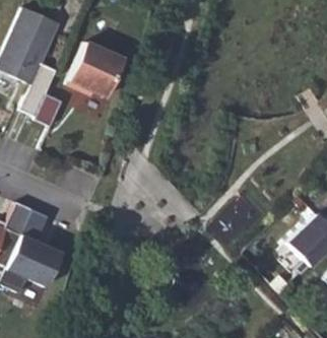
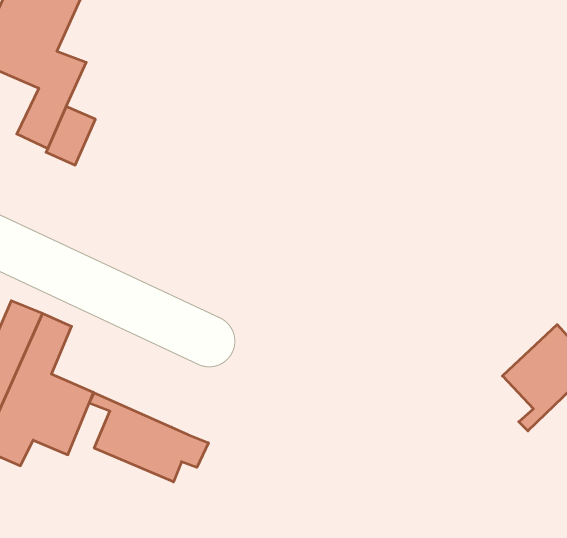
building: [68,42,125,97] -> none
building: none -> [89,393,208,482]

